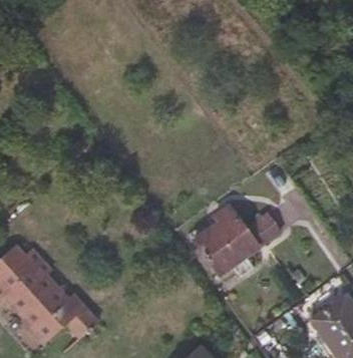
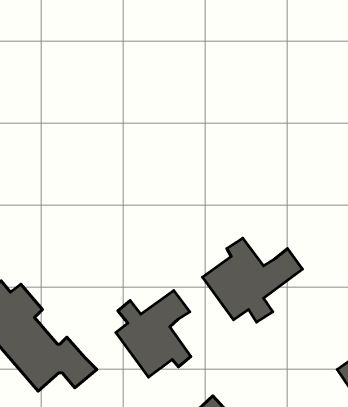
building: none -> [116,290,191,377]

